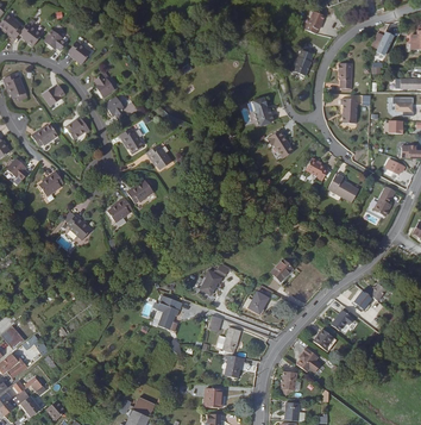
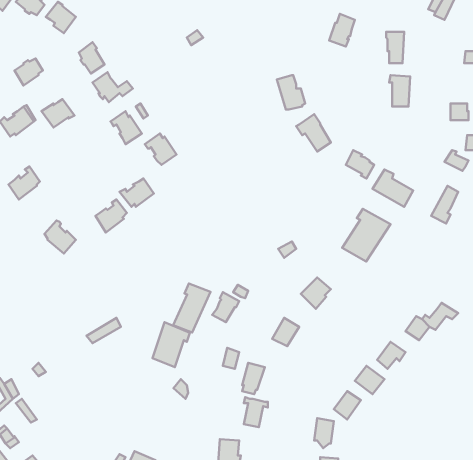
building: none -> [342,209,390,262]
building: none -> [173,283,210,333]

